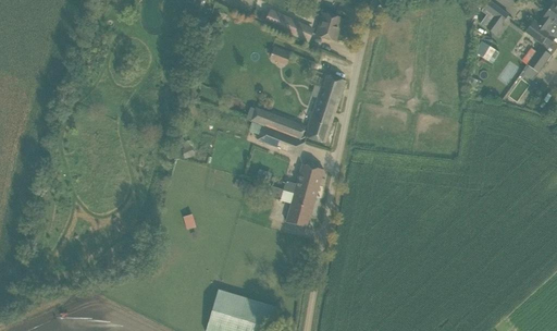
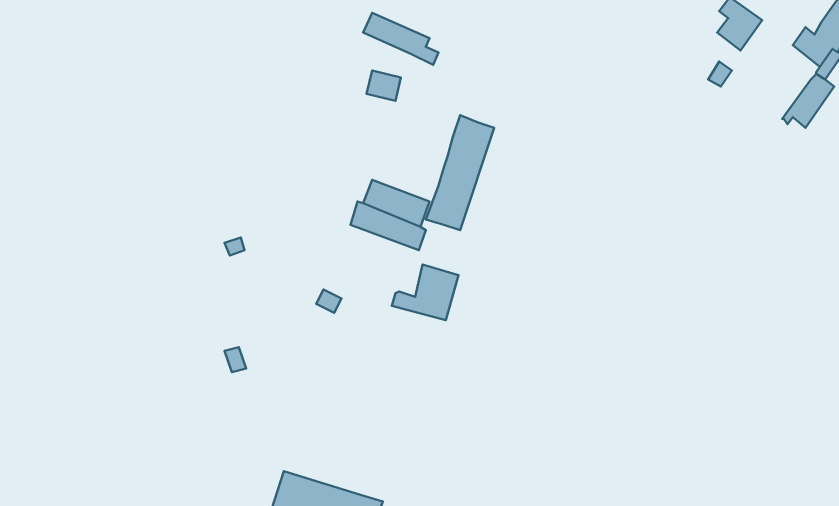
building: [317,12,344,40] -> none
building: [268,184,317,226] -> none

